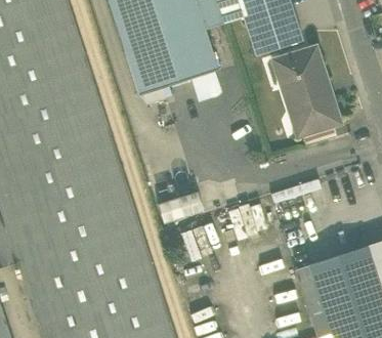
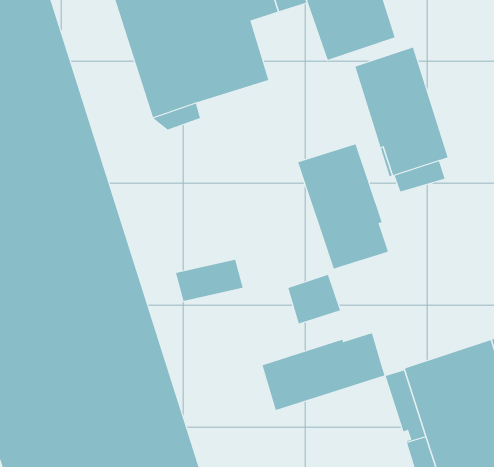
building: none -> [297,143,389,269]
building: none -> [262,332,385,411]

